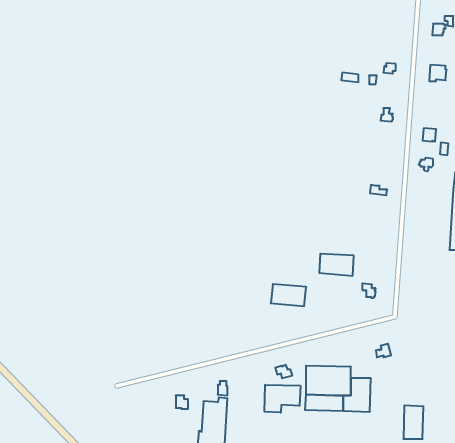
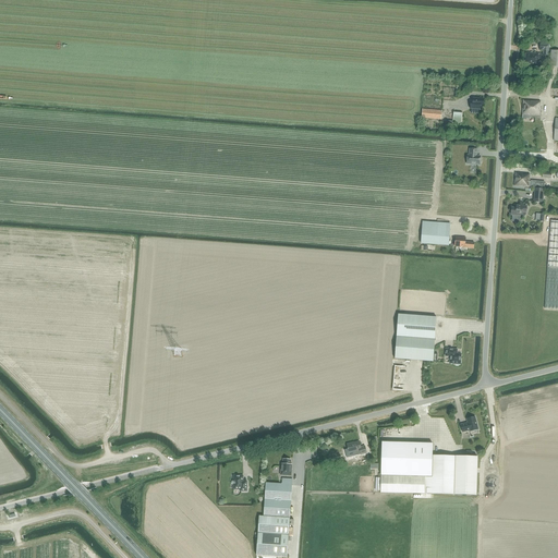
building: none -> [421,220,450,244]
building: [271,284,306,306] -> [395,335,435,360]
building: [265,385,300,413] -> none
building: [403,405,423,439] -> [454,454,477,493]

